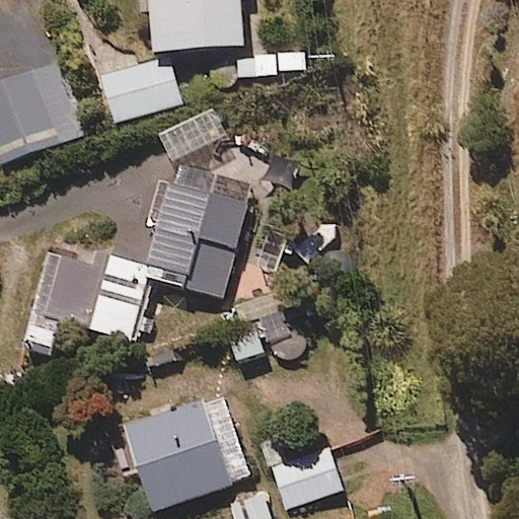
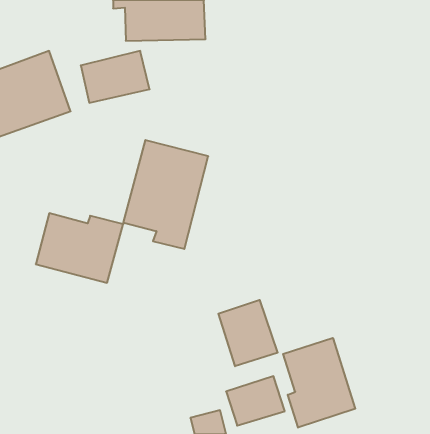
building: none -> [218,300,278,366]
building: [125,396,247,509] -> none
building: none -> [283,338,355,428]

